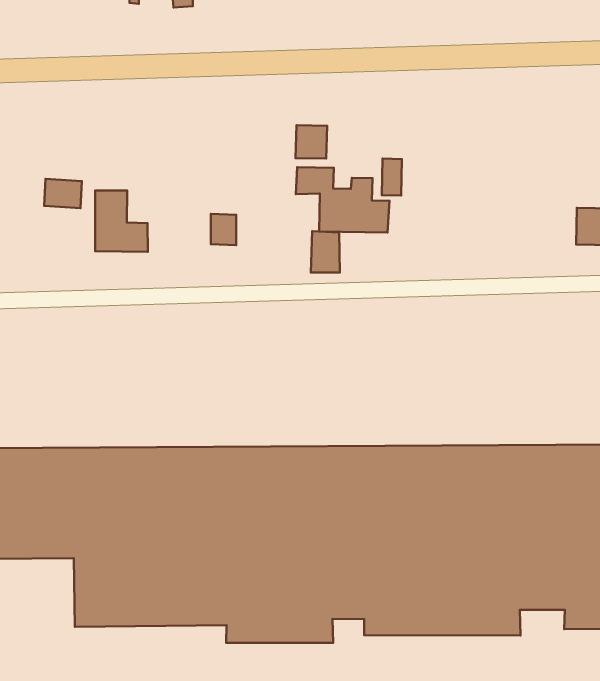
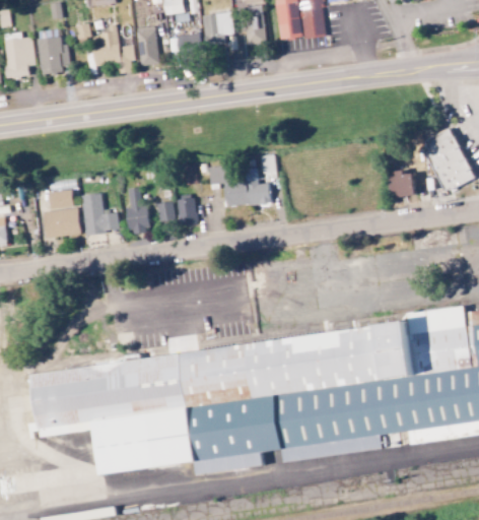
building: [295,125,327,159] -> none
building: none -> [127,187,149,233]
building: none -> [44,206,82,238]
building: [311,231,340,273] -> [178,197,198,224]

